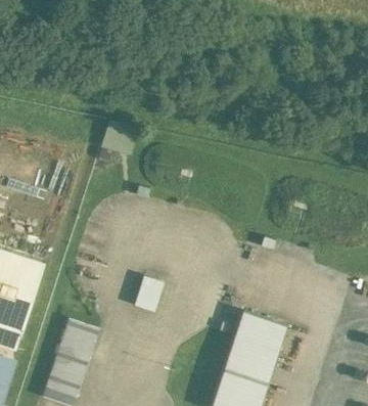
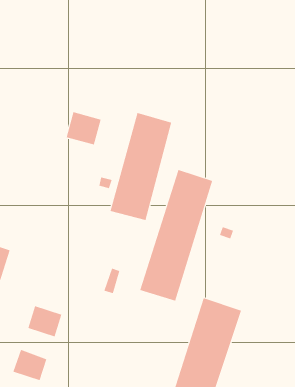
building: none -> [110,112,172,221]
building: none -> [139,169,213,302]

